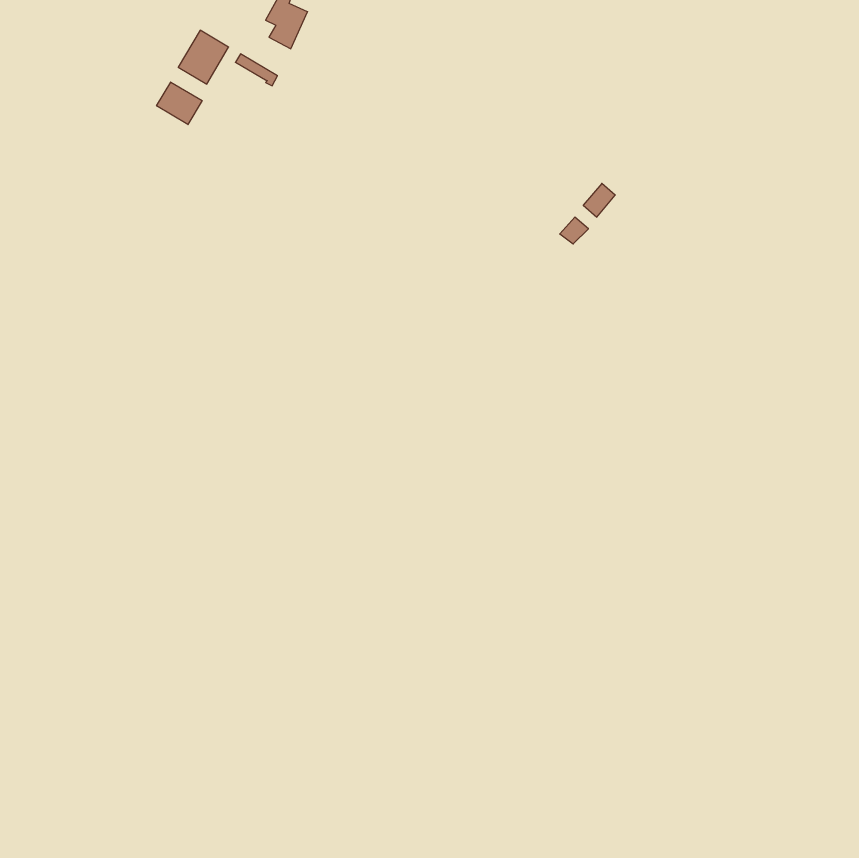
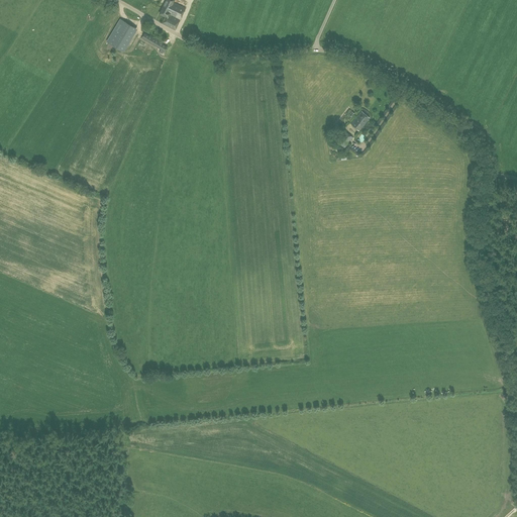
building: [157,82,202,125] -> none

